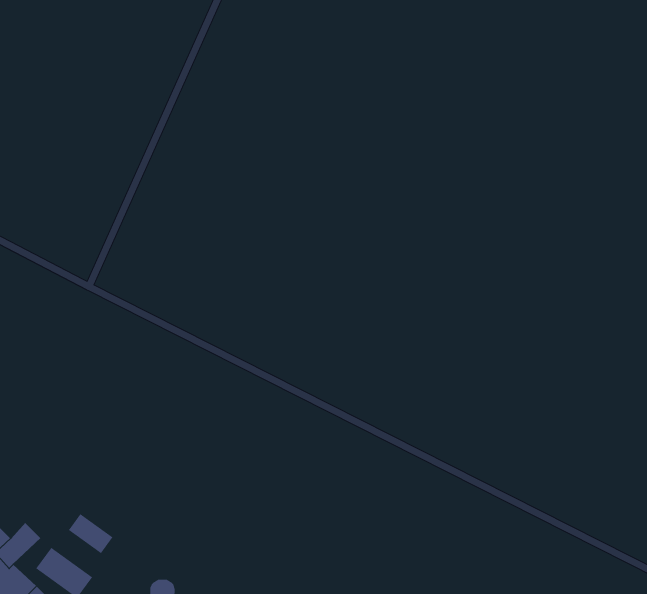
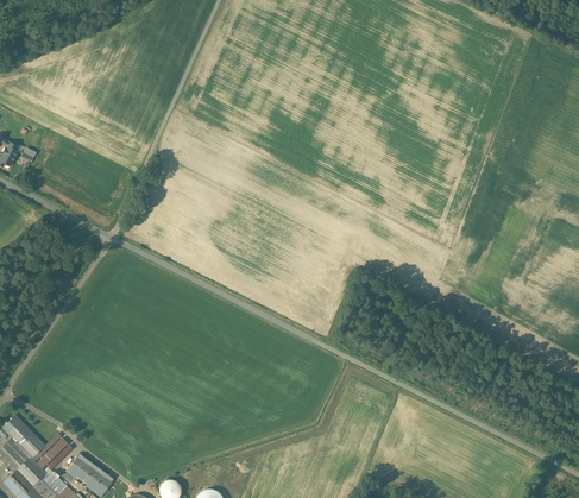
building: [68,513,113,554] -> none

